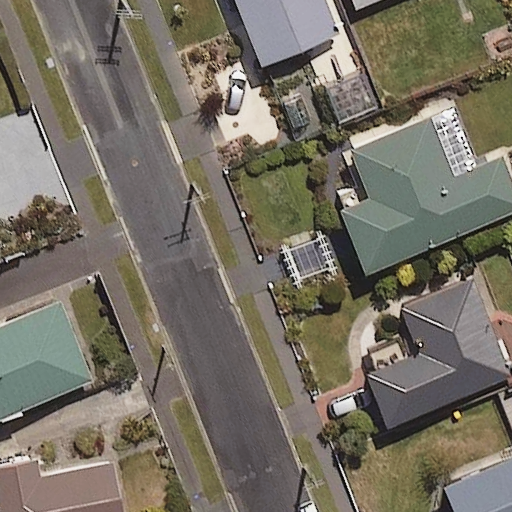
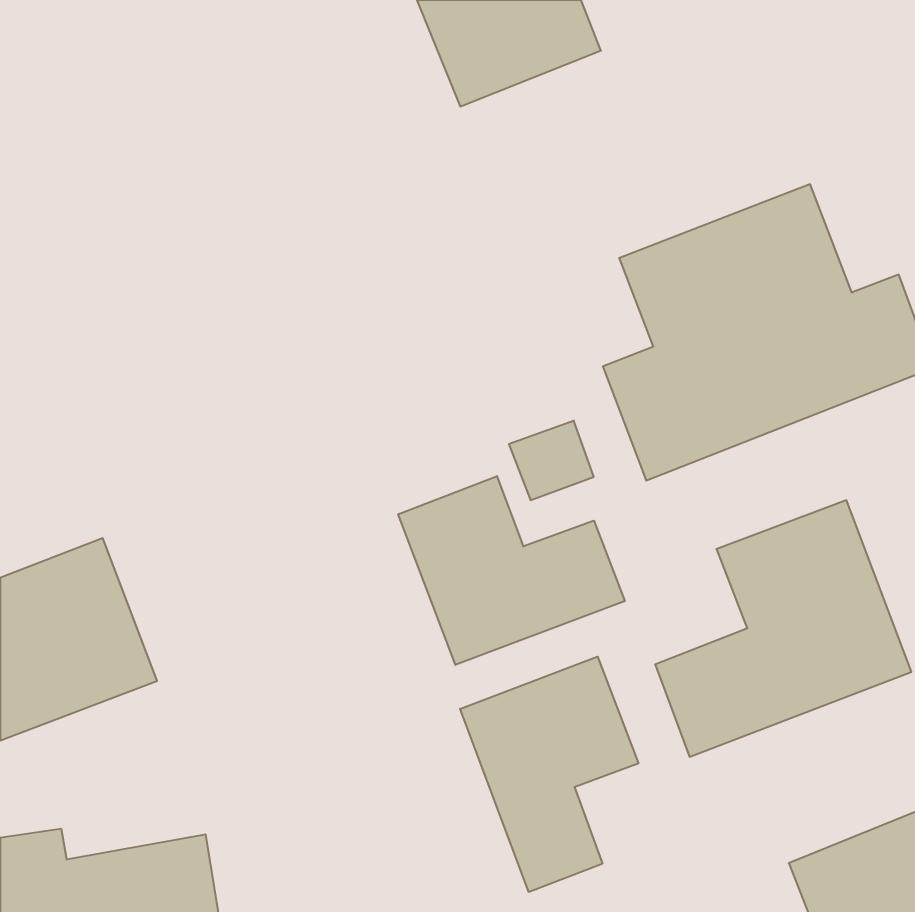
building: none -> [398,476,625,665]
building: none -> [460,657,638,892]

